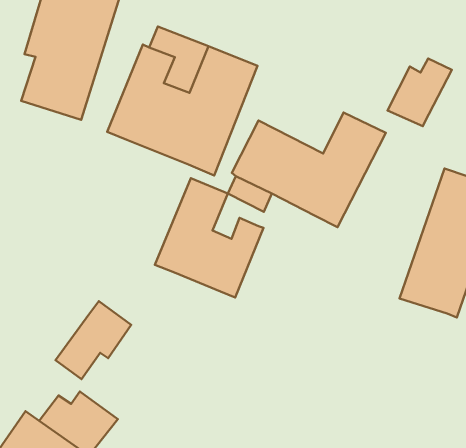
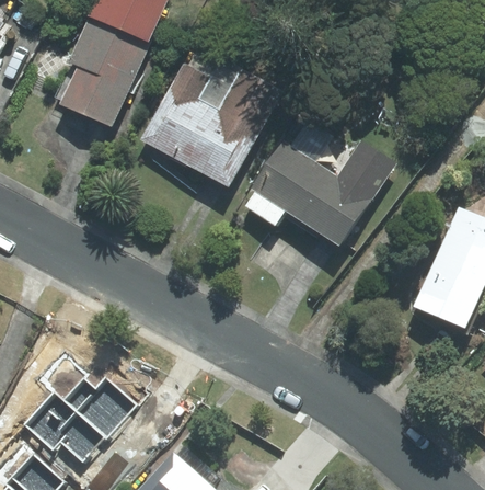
building: [388,58,452,126] -> none
building: [155,178,263,297] -> none
building: [56,301,131,379] -> none

